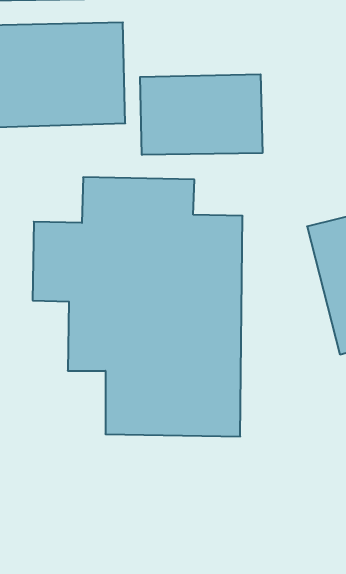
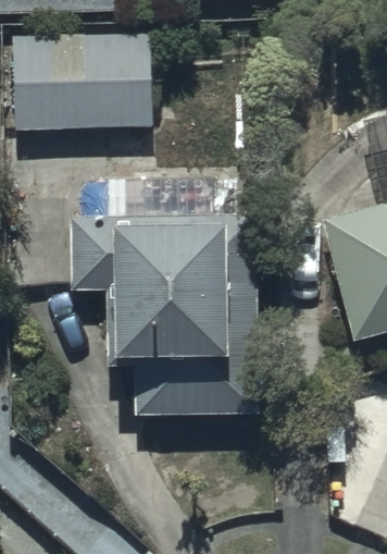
building: [140,74,262,155] -> none

